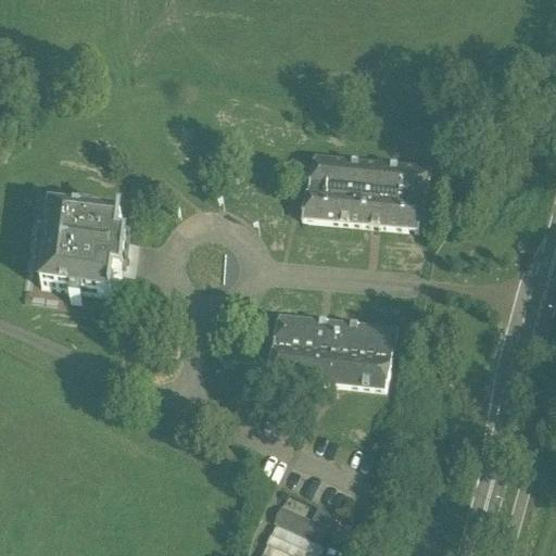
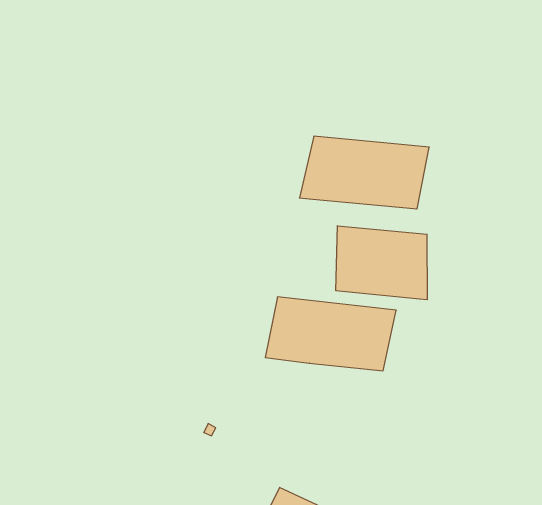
building: [40,201,125,291] -> none
building: none -> [336,226,427,300]

